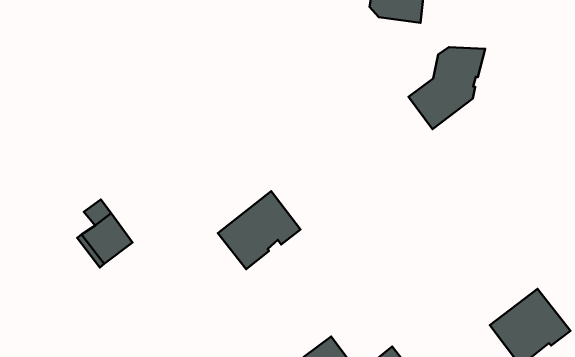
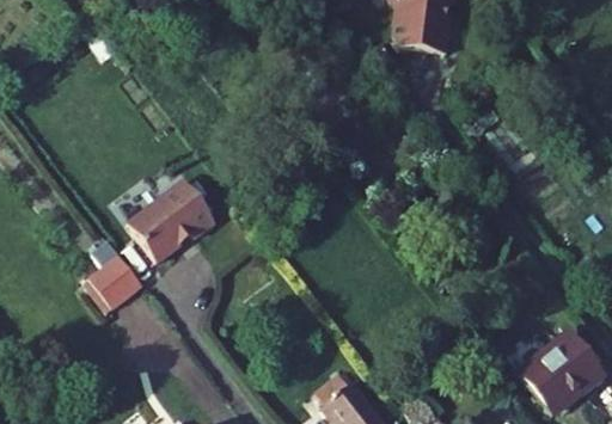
building: [408,47,485,129] -> none
building: [218,191,301,269] -> [128,179,215,262]

